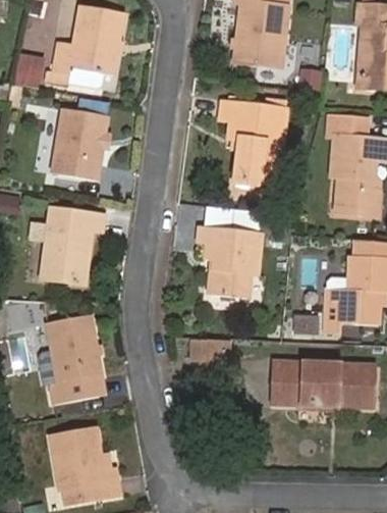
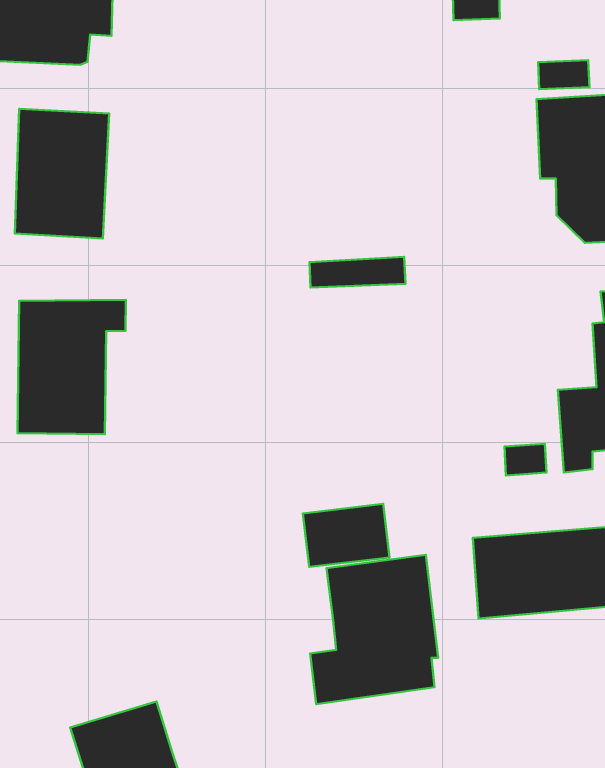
building: [219,86,287,185] -> none
building: [197,228,262,298] -> none
building: [45,314,102,404] -> none
building: none -> [310,555,438,704]

